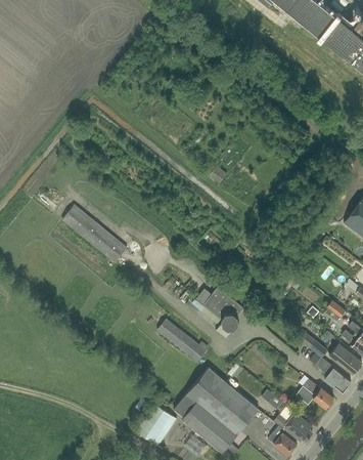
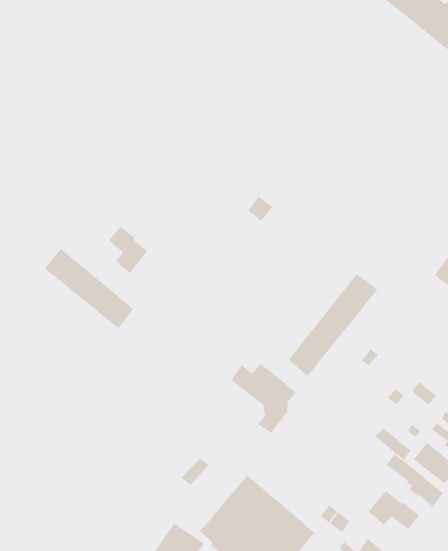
building: none -> [109,226,148,273]
building: none -> [288,273,378,377]
building: [156,319,208,363] -> none

